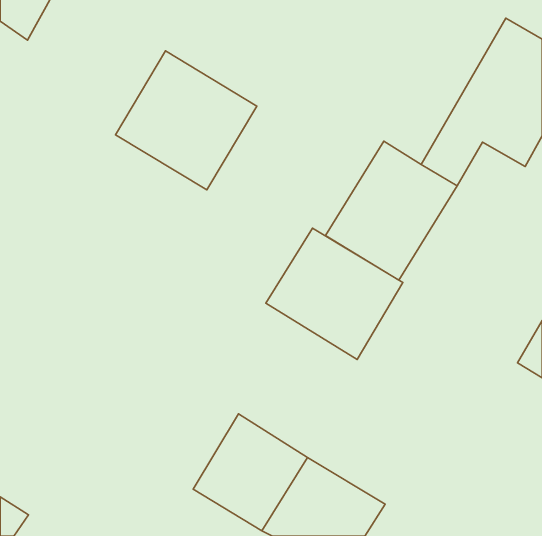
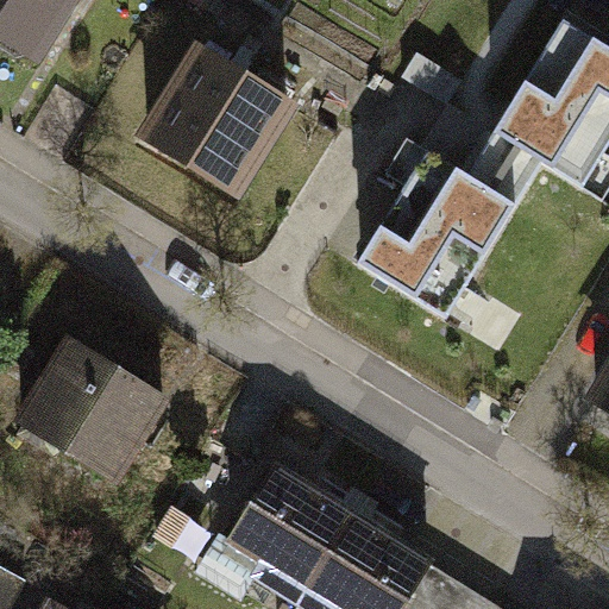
building: [266,228,403,360] -> none
building: none -> [13,318,171,471]

